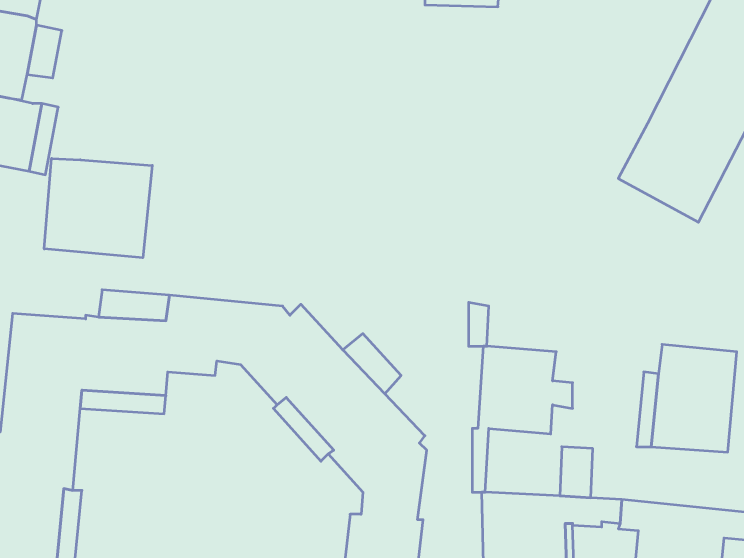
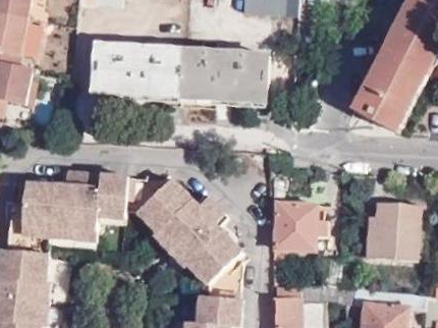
building: none -> [91,43,268,103]
building: [44,158,152,258] -> none

